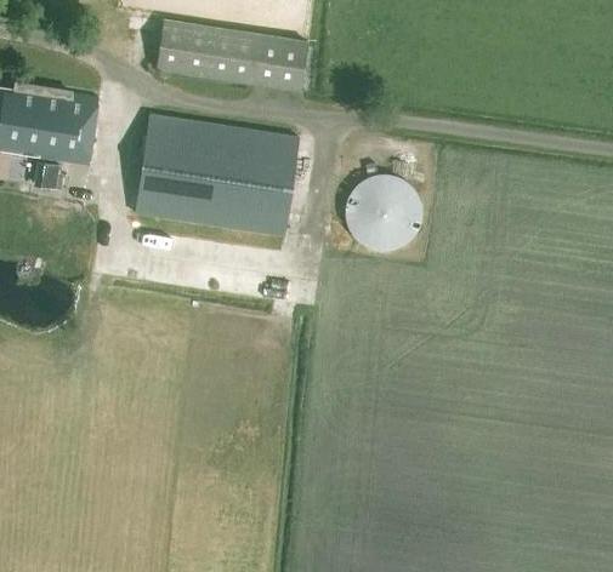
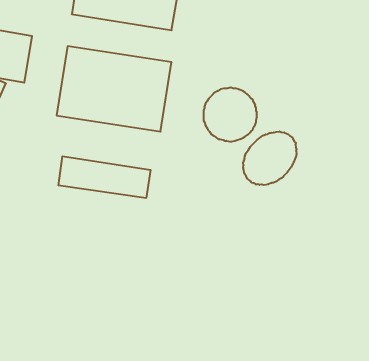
building: none -> [243,131,296,185]
building: none -> [58,156,151,198]

